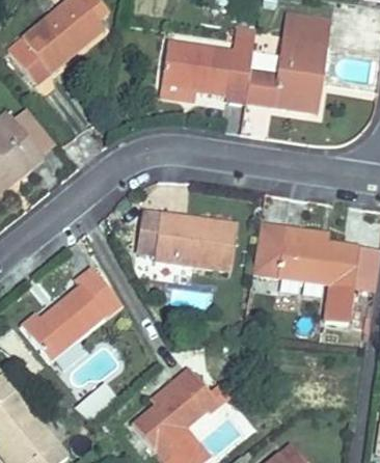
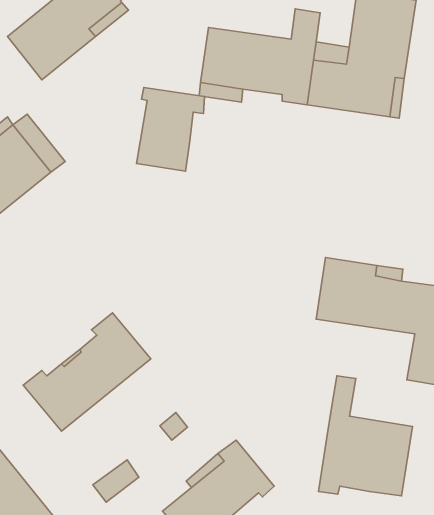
building: none -> [136,88,204,171]
building: [137,211,238,269] -> none
building: none -> [319,376,412,496]

